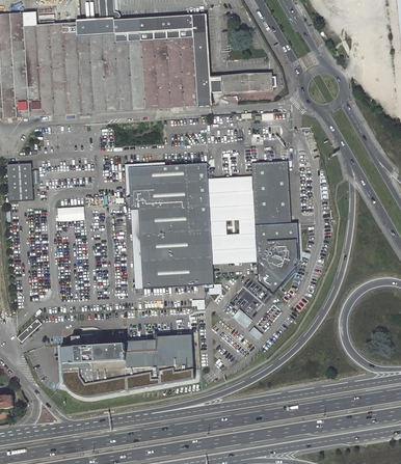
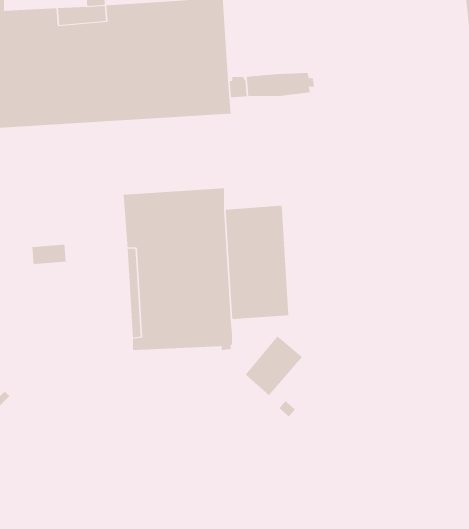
building: [251,160,299,293] -> none
building: [61,333,194,395] -> none

